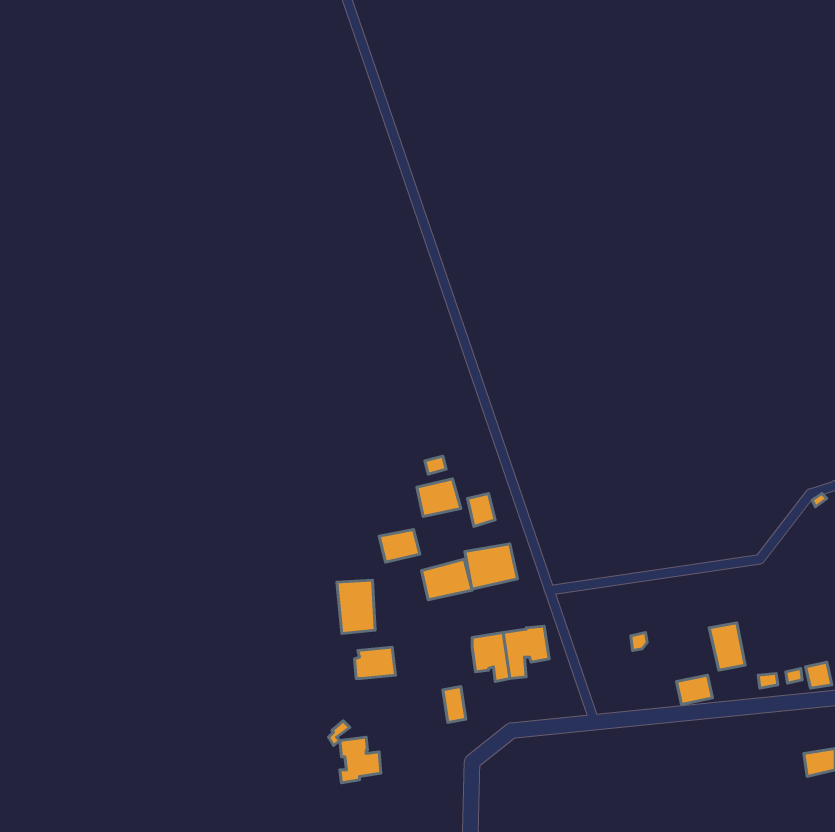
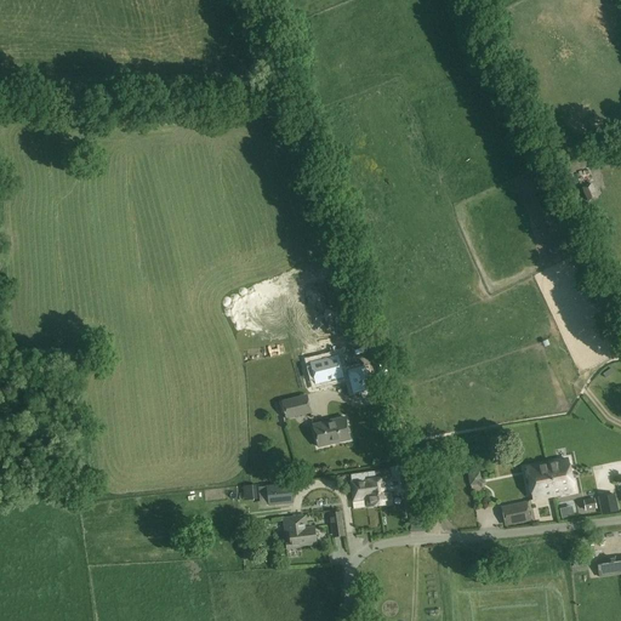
building: [465,544,518,589] -> none
building: [337,580,375,633] -> none
building: none -> [547,457,574,494]
building: [340,737,381,783] -> [285,514,315,548]

